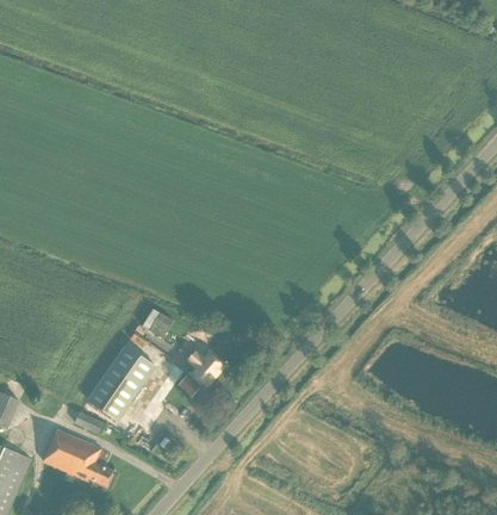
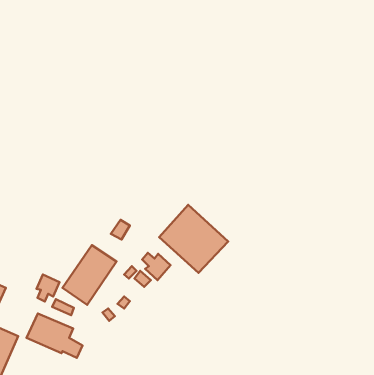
building: none -> [159,205,228,273]
building: none -> [37,274,59,301]

